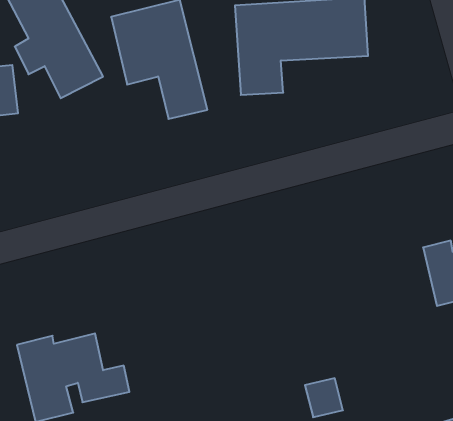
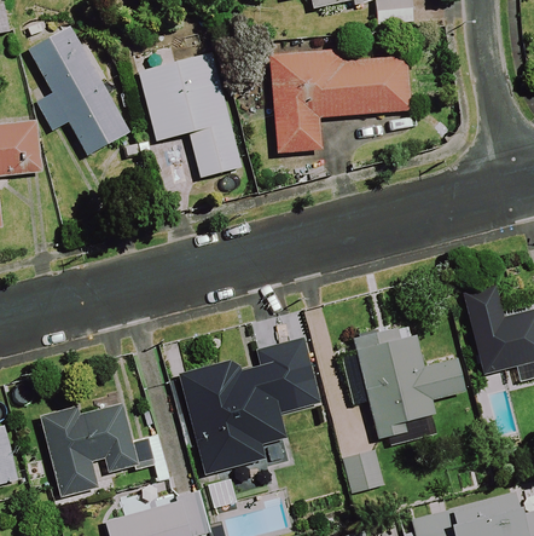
building: none -> [175,311,319,491]
building: none -> [353,325,465,439]

